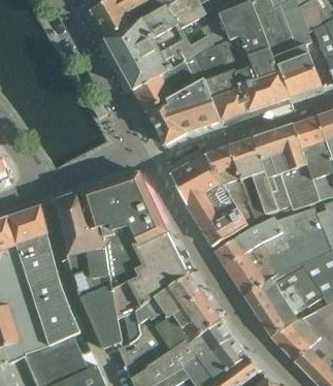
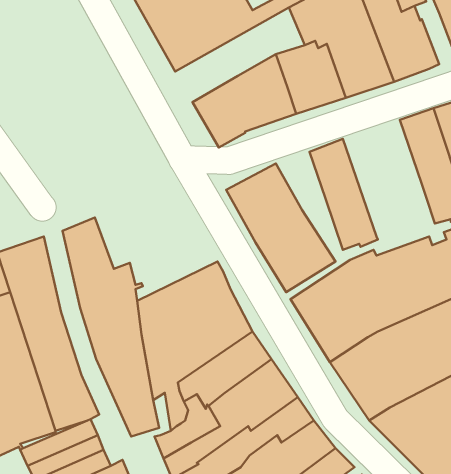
building: [134,44,226,111] -> none
building: [253,124,318,207] -> none
building: [205,147,240,188] -> none
building: [77,173,164,252] -> none

